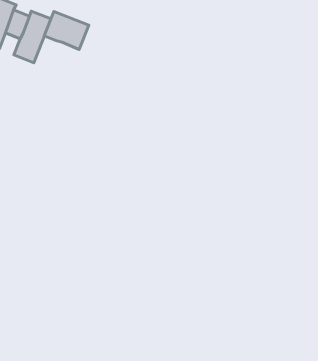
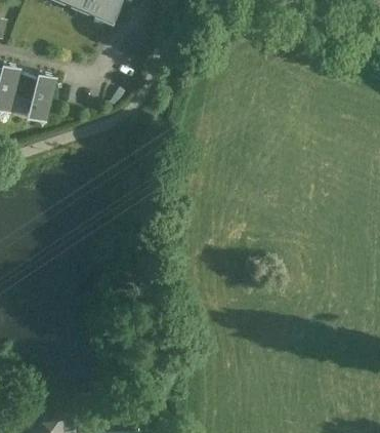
building: [44,11,89,50] -> none

